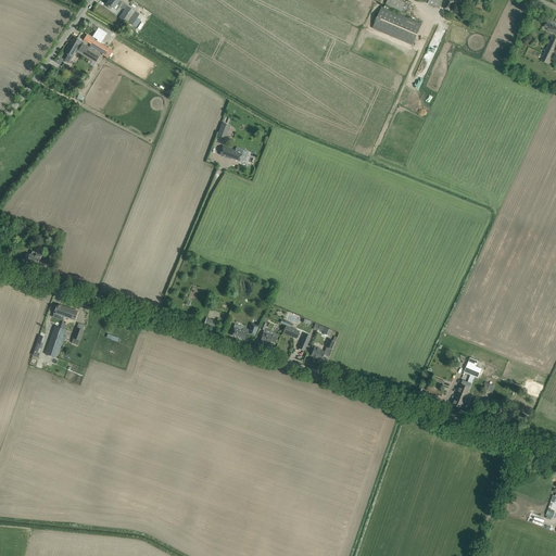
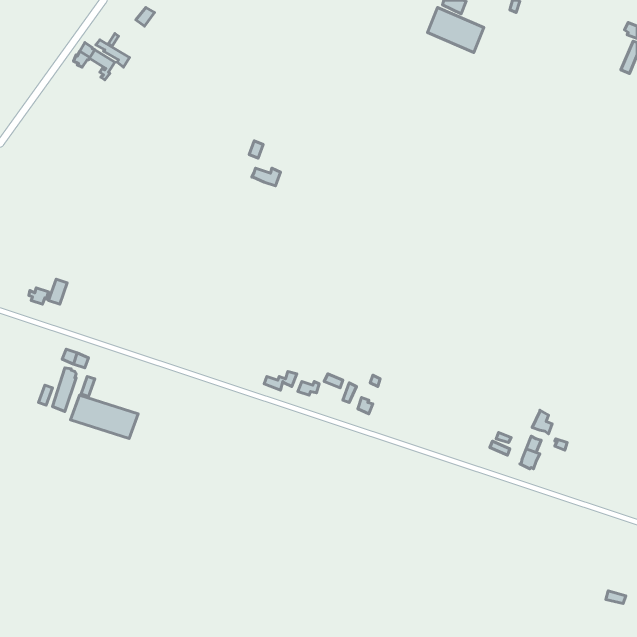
building: none -> [71,395,138,439]

